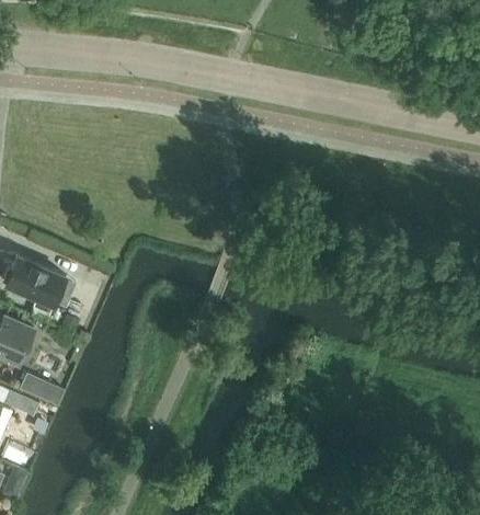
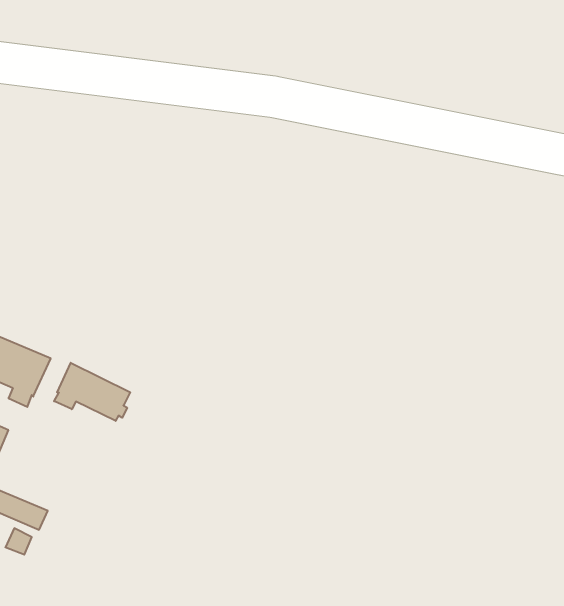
building: none -> [54,363,130,421]

